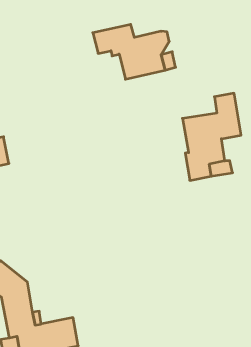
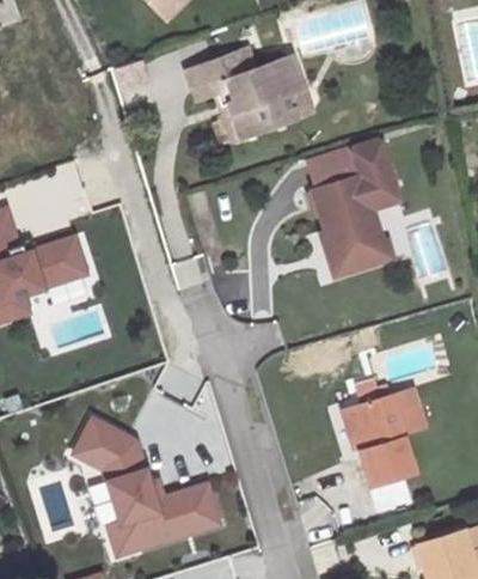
building: none -> [317,141,373,183]
building: none -> [351,378,433,487]

